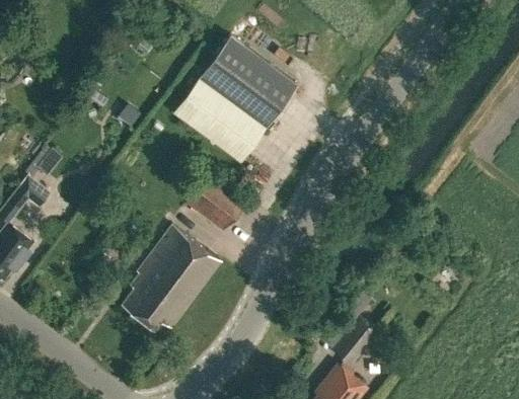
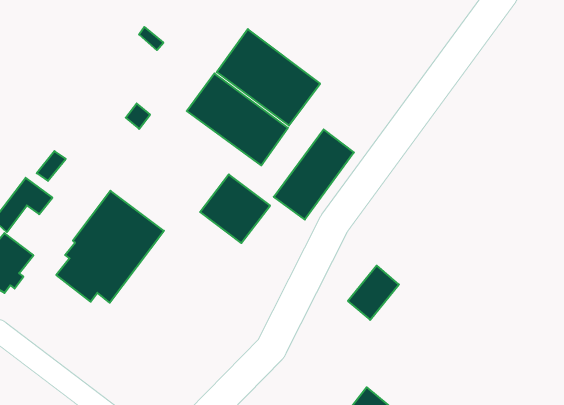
building: none -> [274,129,354,220]
building: [123,226,221,328] -> [56,191,164,303]
building: [332,319,379,369] -> [348,266,399,320]

